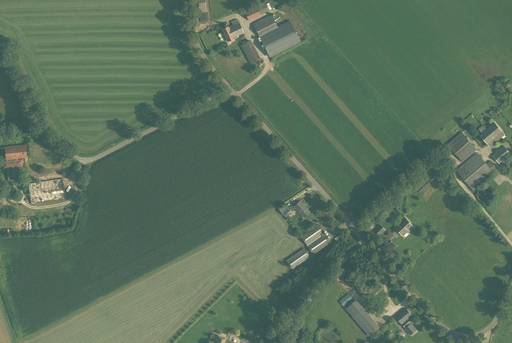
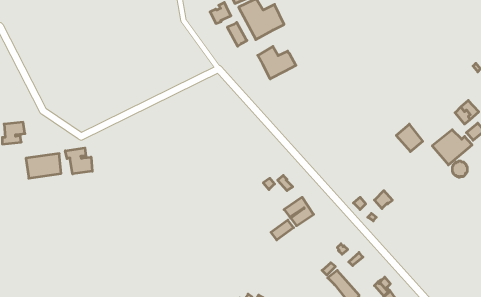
building: none -> [258,46,296,79]
building: [448,132,476,161] -> [396,124,423,152]
building: none -> [65,148,92,174]

